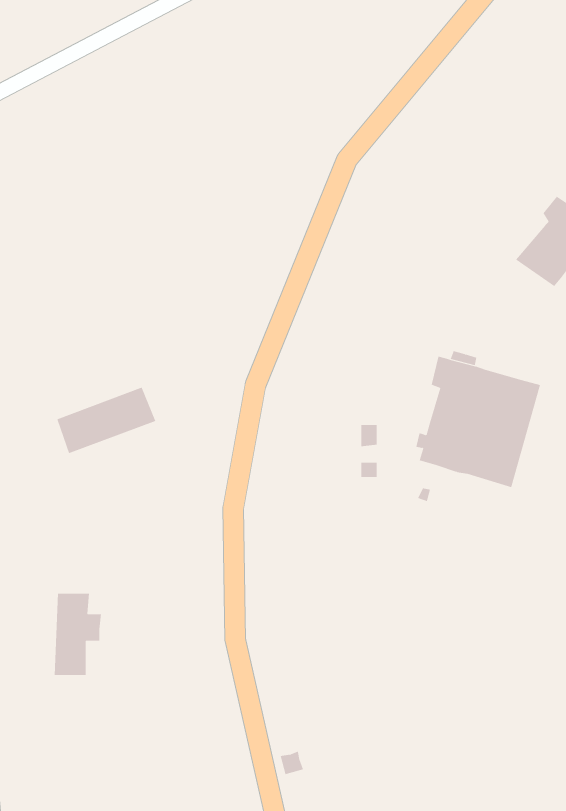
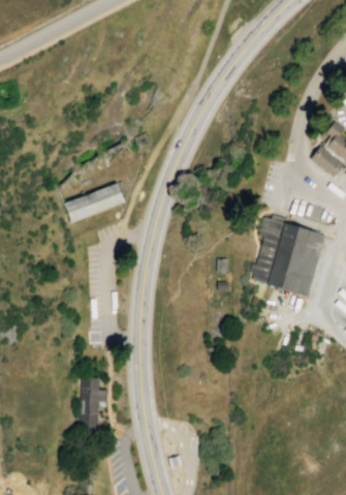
building: [56,387,156,454] -> [66,182,126,222]
building: [54,593,102,676] -> [80,376,108,426]

